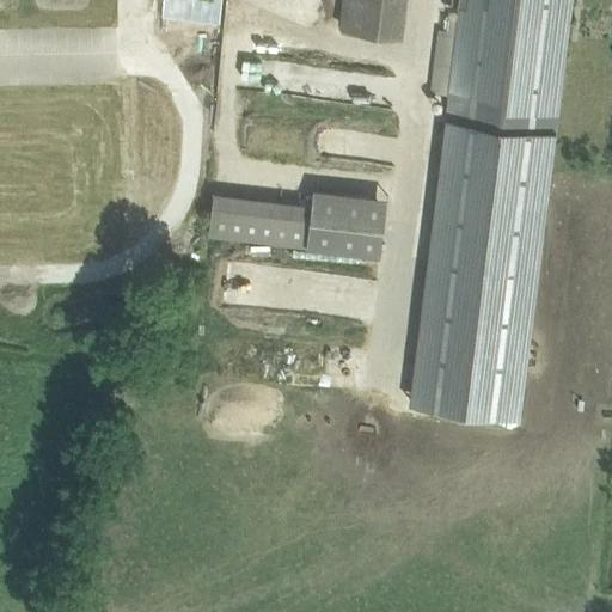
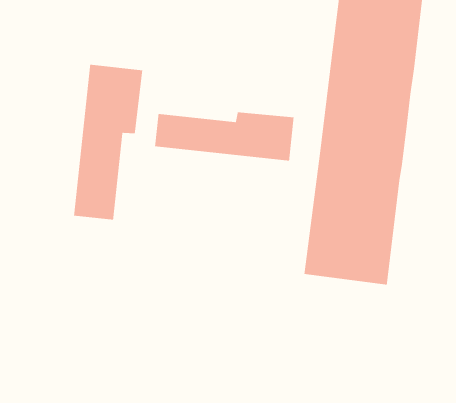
building: none -> [73,64,143,220]

